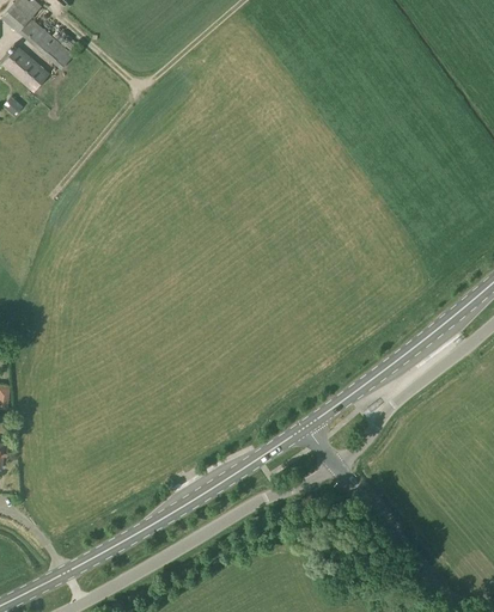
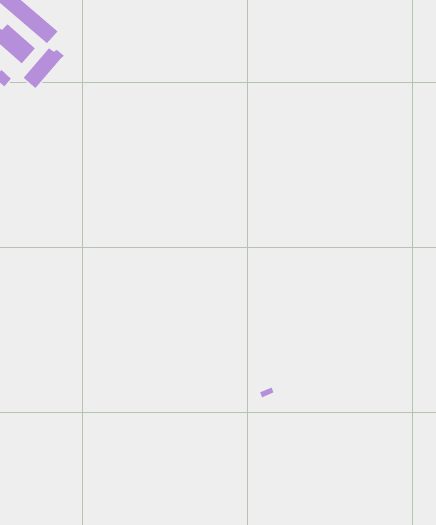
building: none -> [23,47,65,89]

